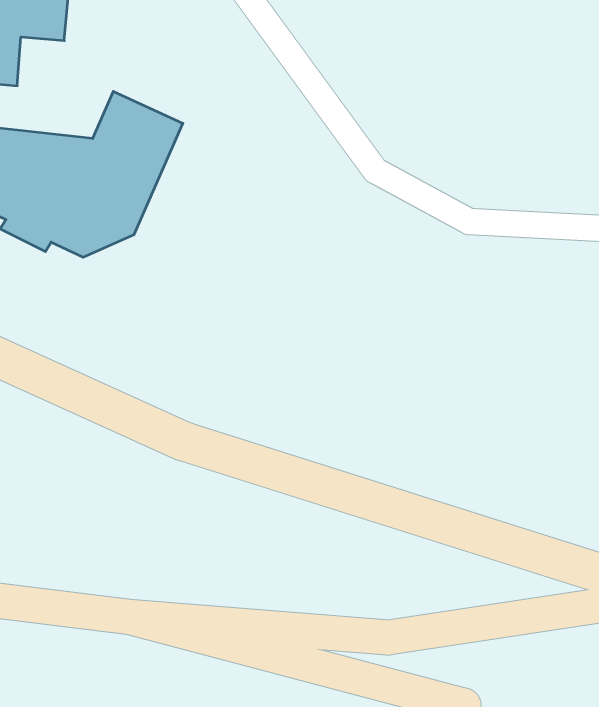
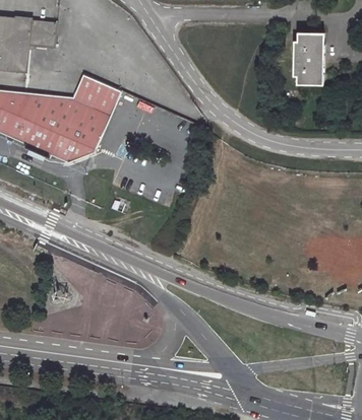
building: none -> [293,34,324,85]

